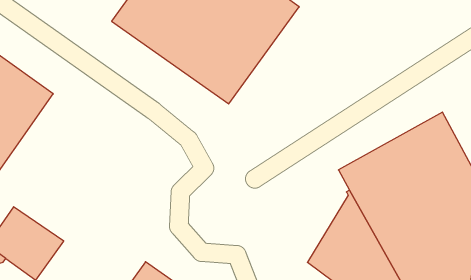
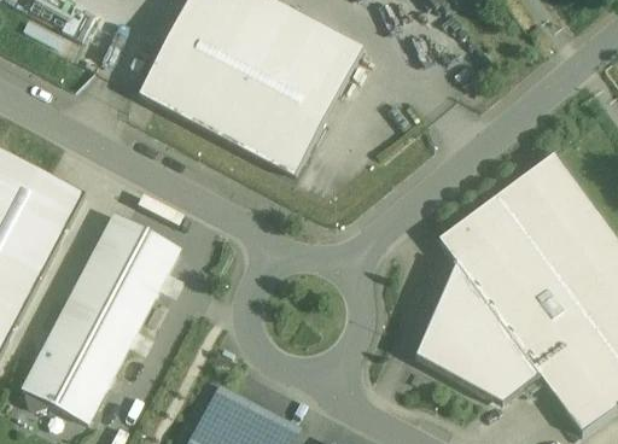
building: none -> [49,212,182,369]

